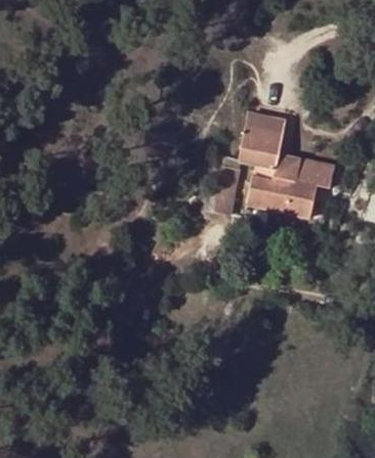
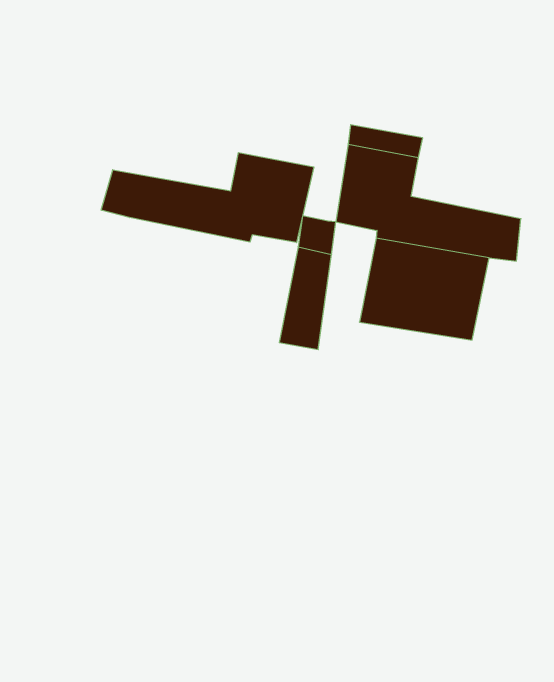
building: none -> [101,153,314,243]

